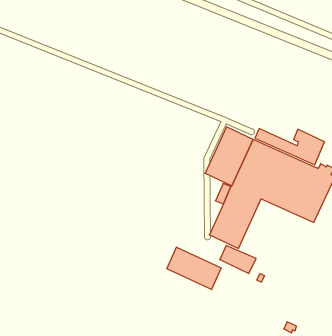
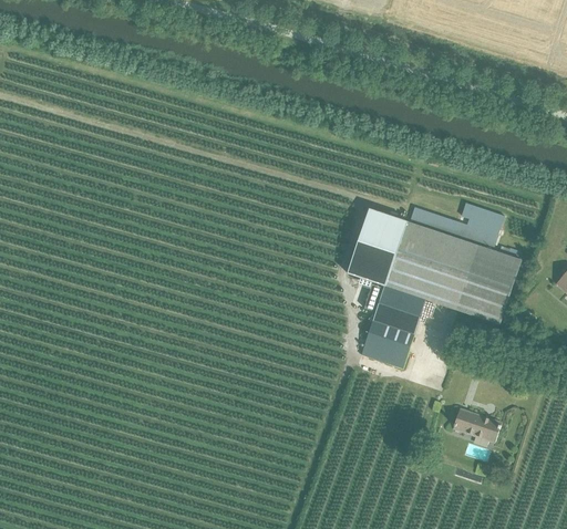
building: [220,245,256,273] -> [453,408,502,443]
building: [167,247,221,290] -> none

